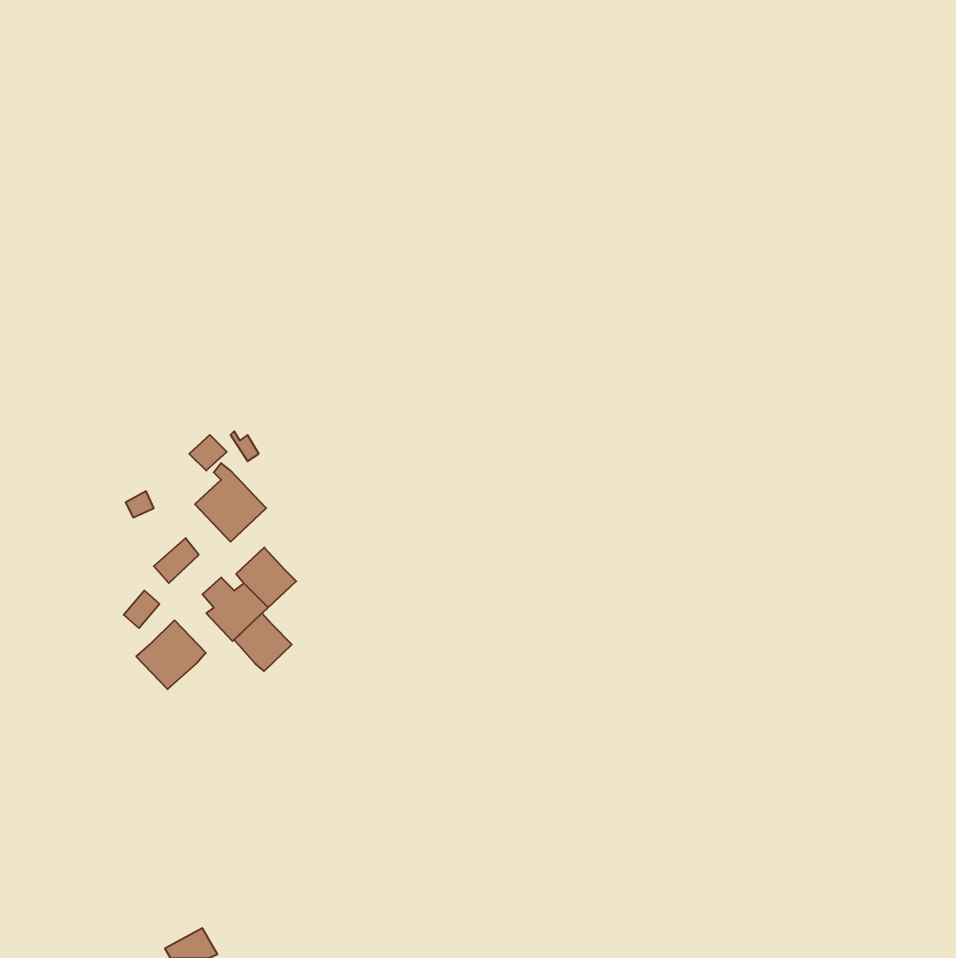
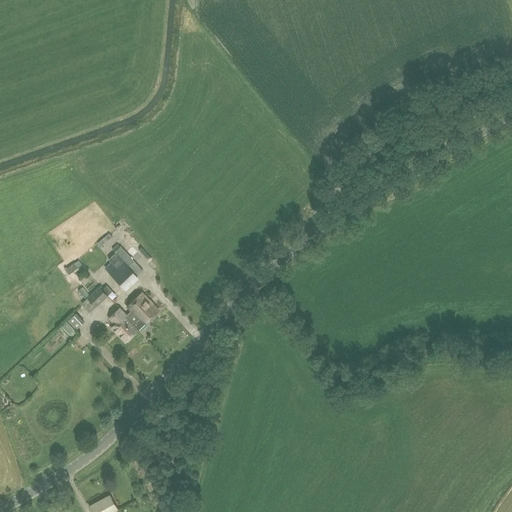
building: [234,613,292,671] -> none
building: [136,620,206,689] -> none

